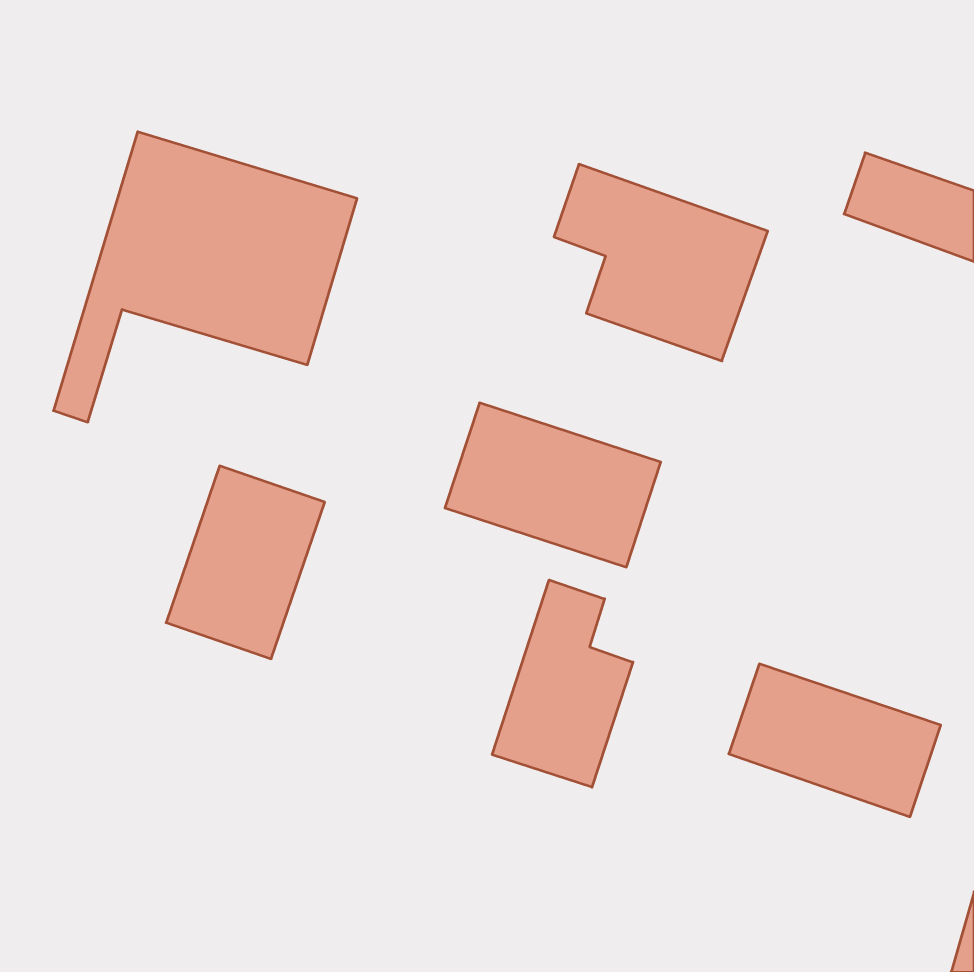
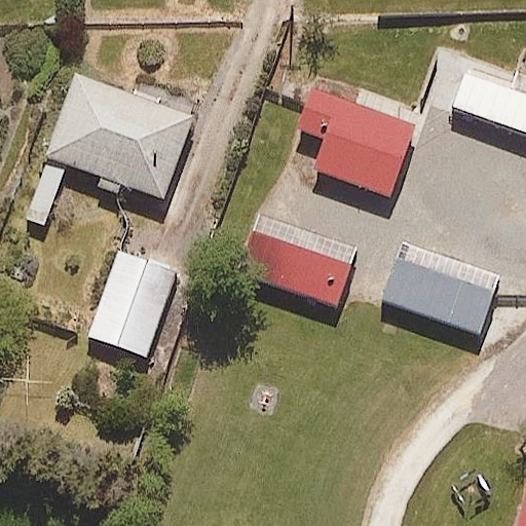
building: [492,580,633,787] -> none
building: [729,664,941,817] -> [381,251,495,333]

